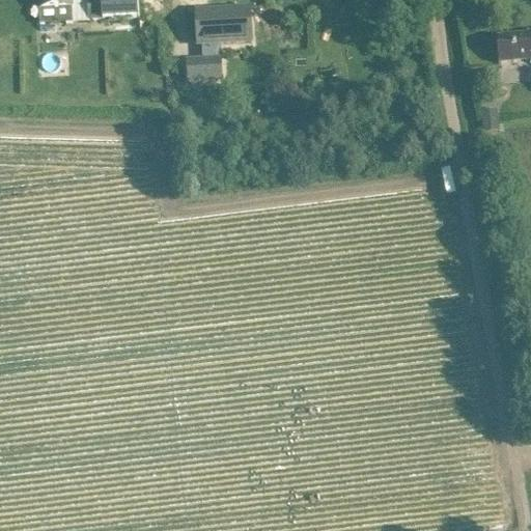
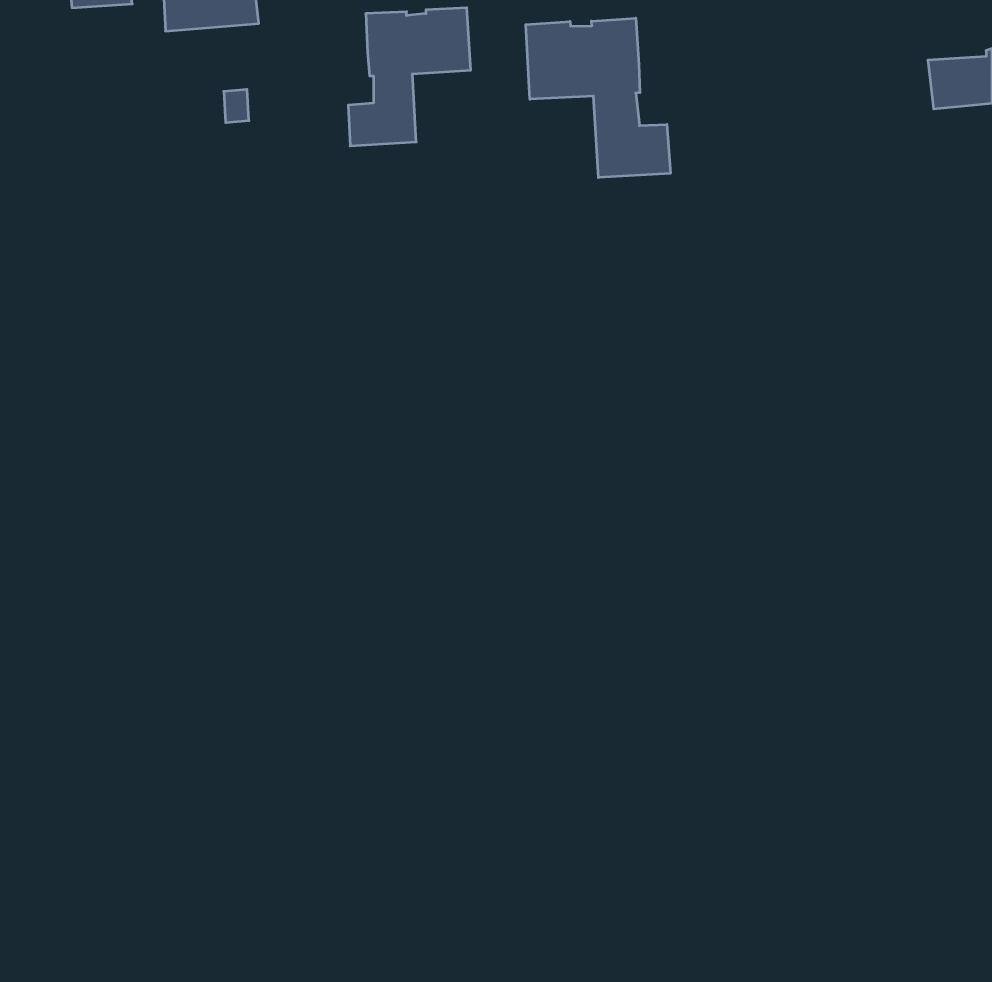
building: none -> [526,18,670,178]

